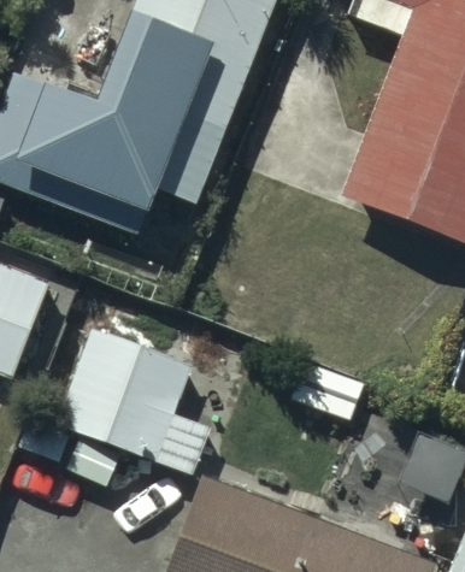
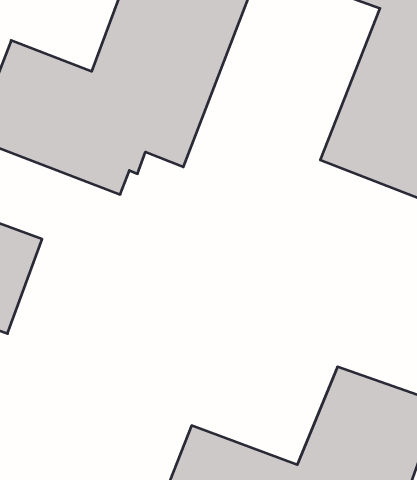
building: [29,318,212,478] -> none

